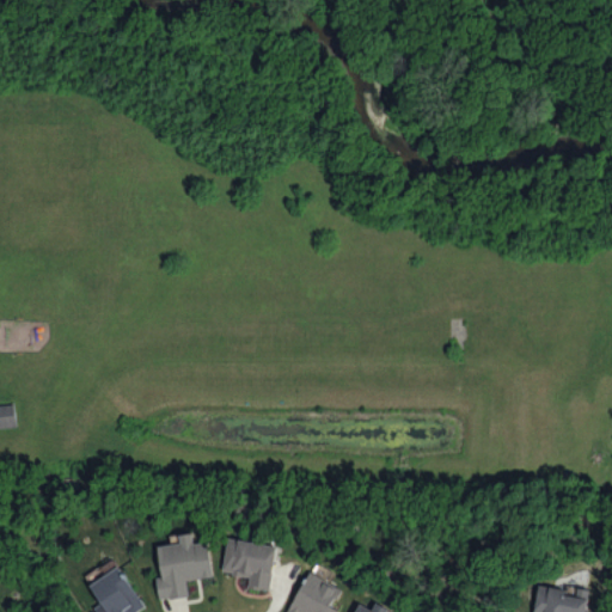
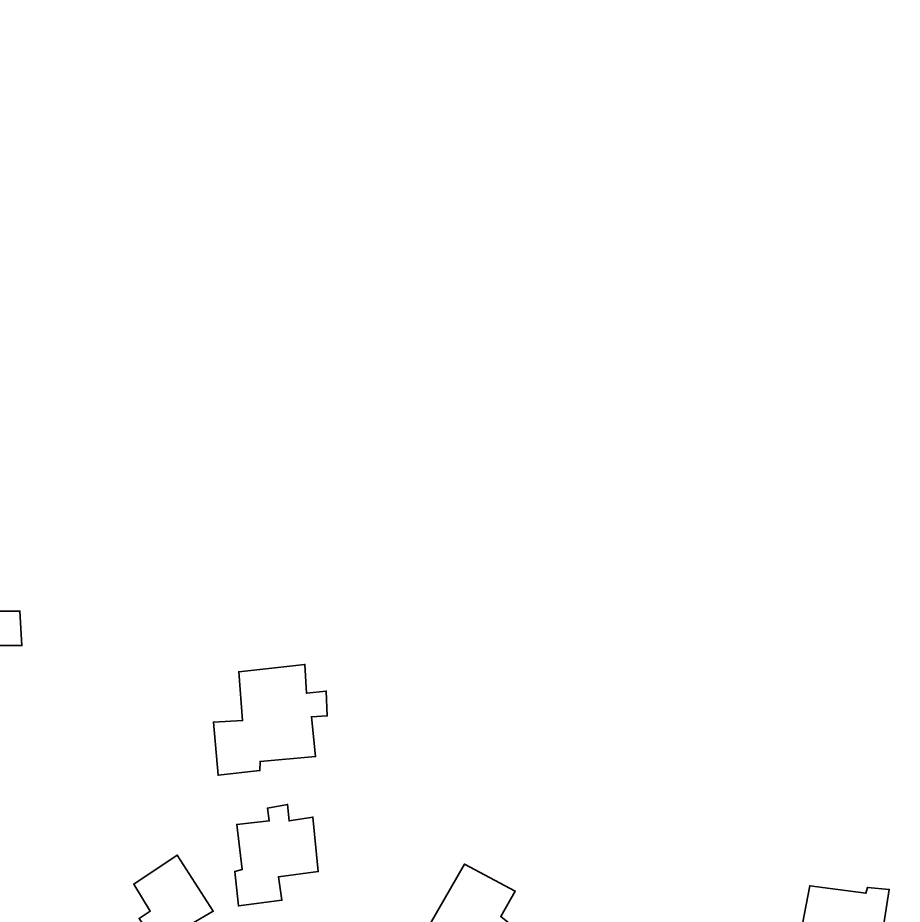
building: none -> [214,664,327,775]
building: [220,538,275,590] -> none

